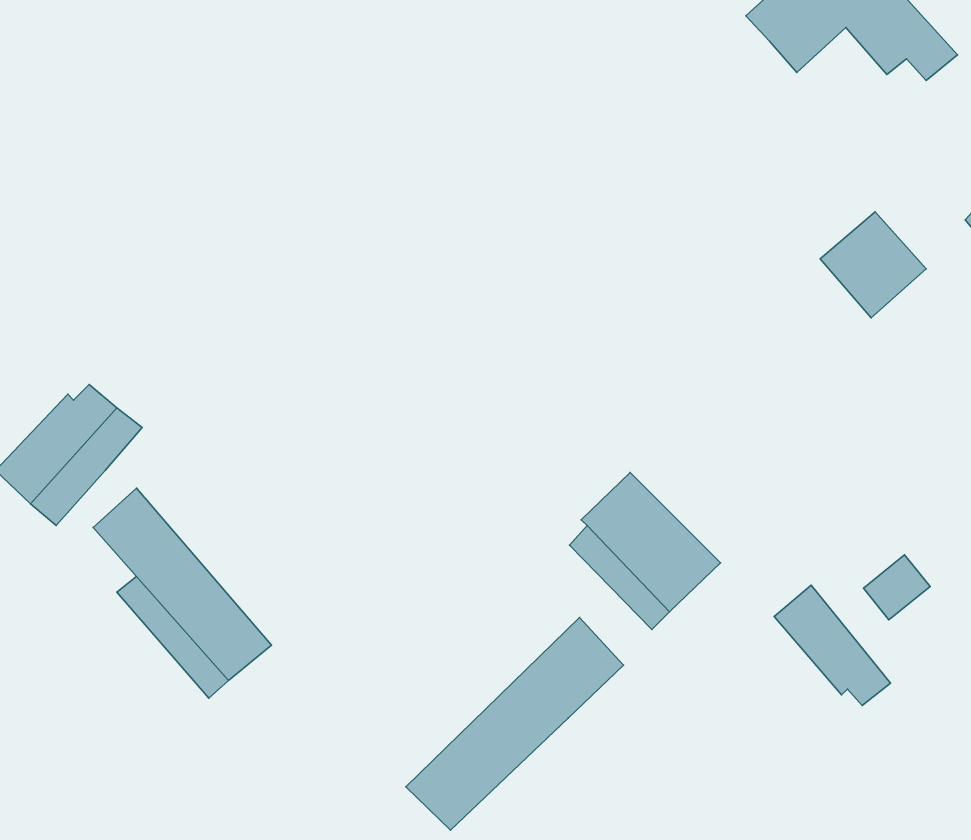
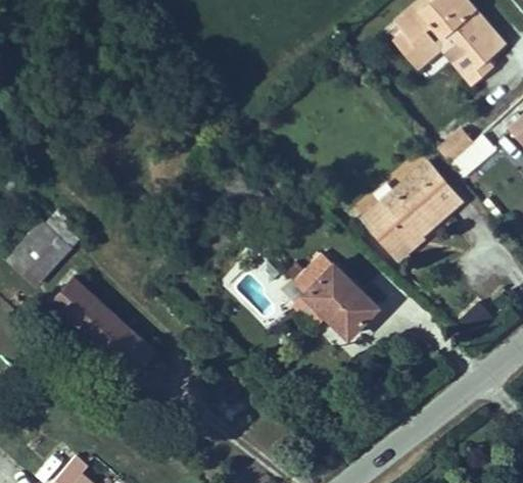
building: none -> [395,29,493,79]
building: none -> [355,159,466,267]
building: [774,585,891,705] -> none
building: [406,617,623,830] -> none

